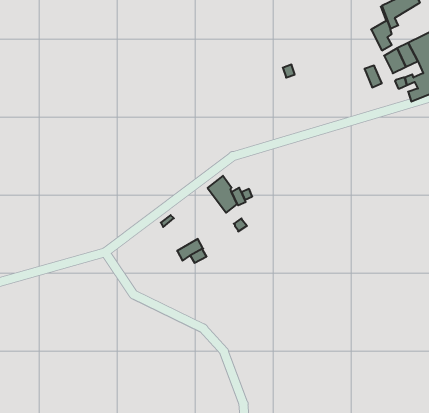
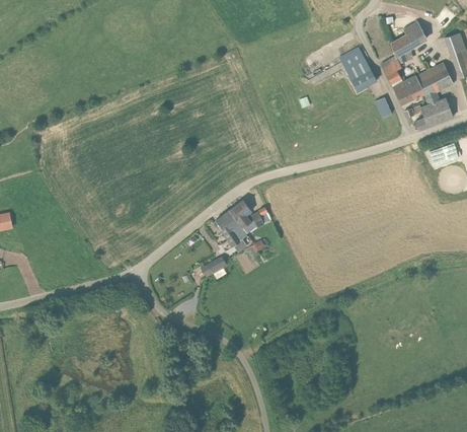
building: none -> [338,46,377,90]
building: none -> [215,210,247,249]

